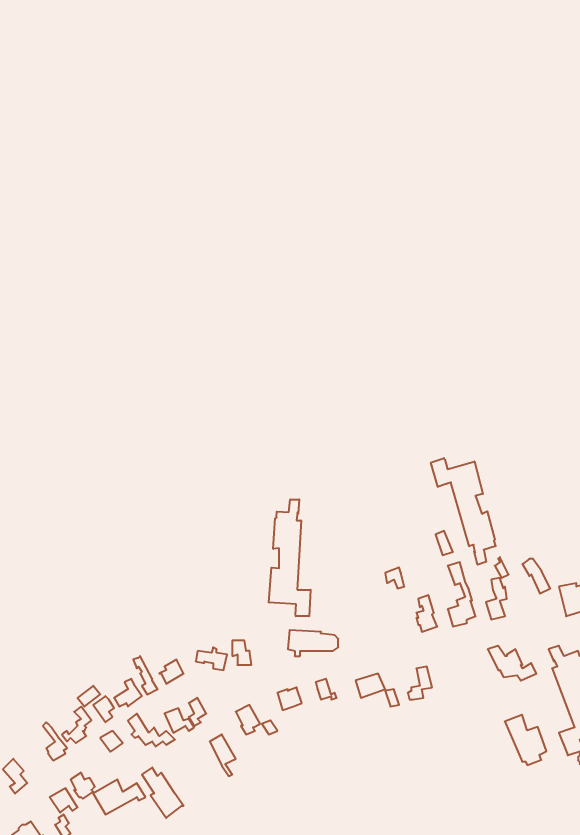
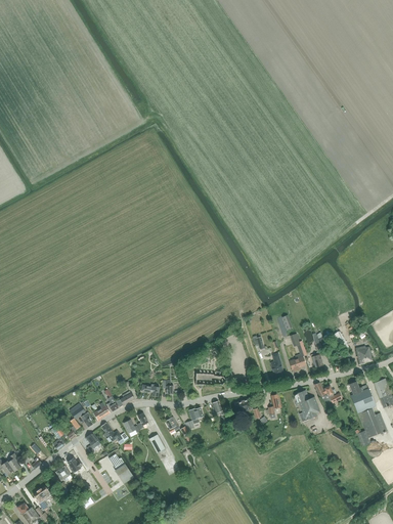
building: [431,458,496,565] -> none
building: [269,499,311,616] -> none
building: [505,715,546,765] -> [295,390,319,420]

